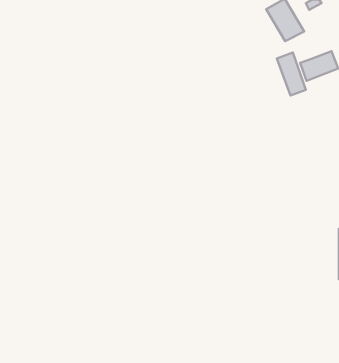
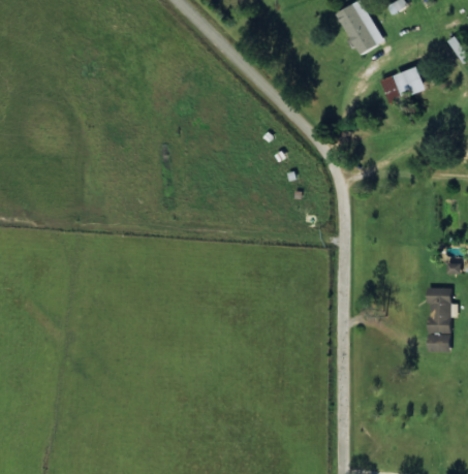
building: [277,53,306,95] -> none

